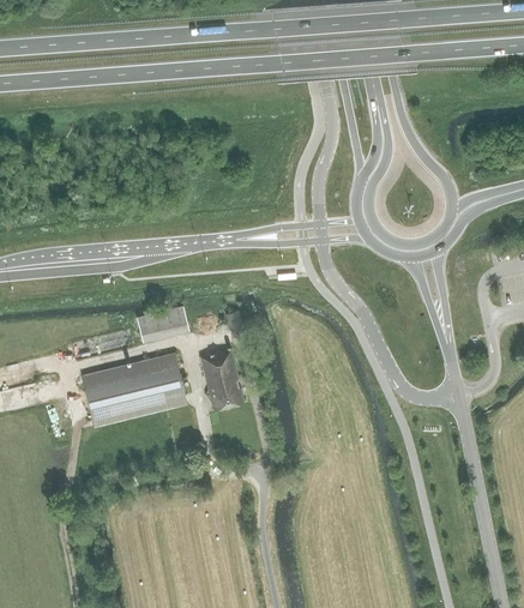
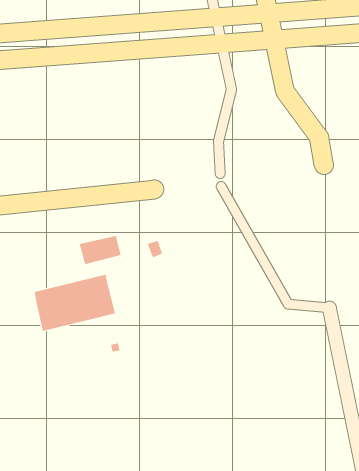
building: [200,348,243,408] -> none

